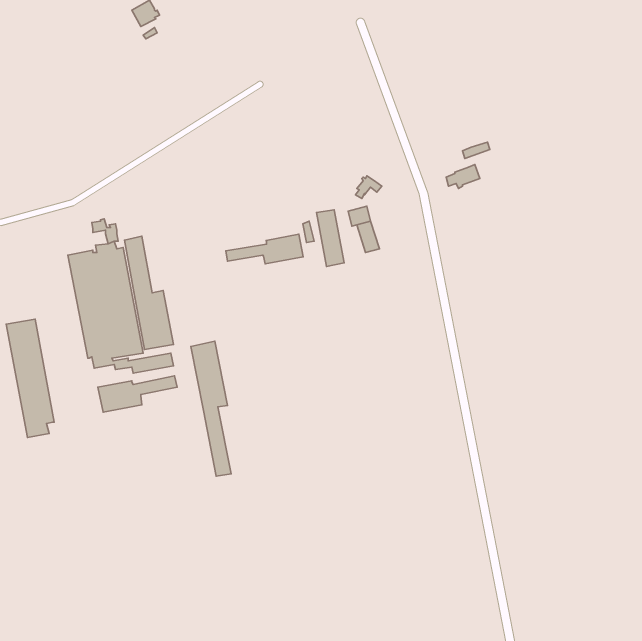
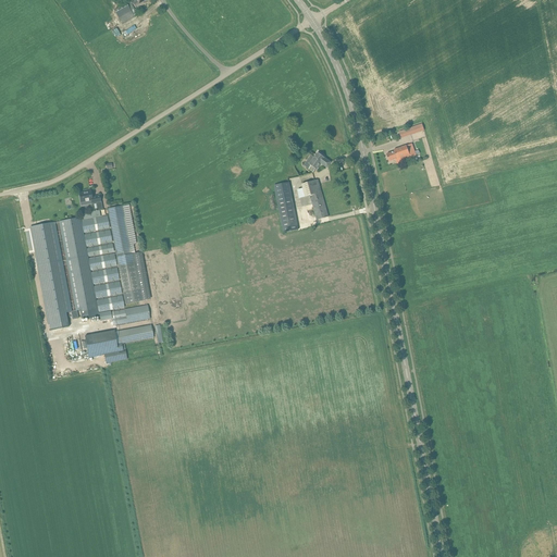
building: [226,234,303,264] -> none
building: [6,319,54,437] -> [30,222,72,324]
building: [191,341,231,476] -> none

